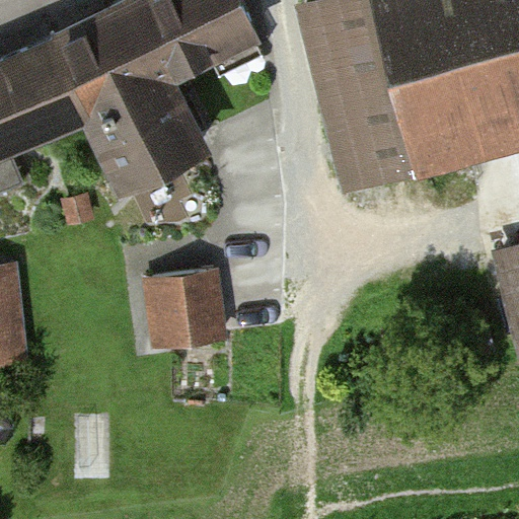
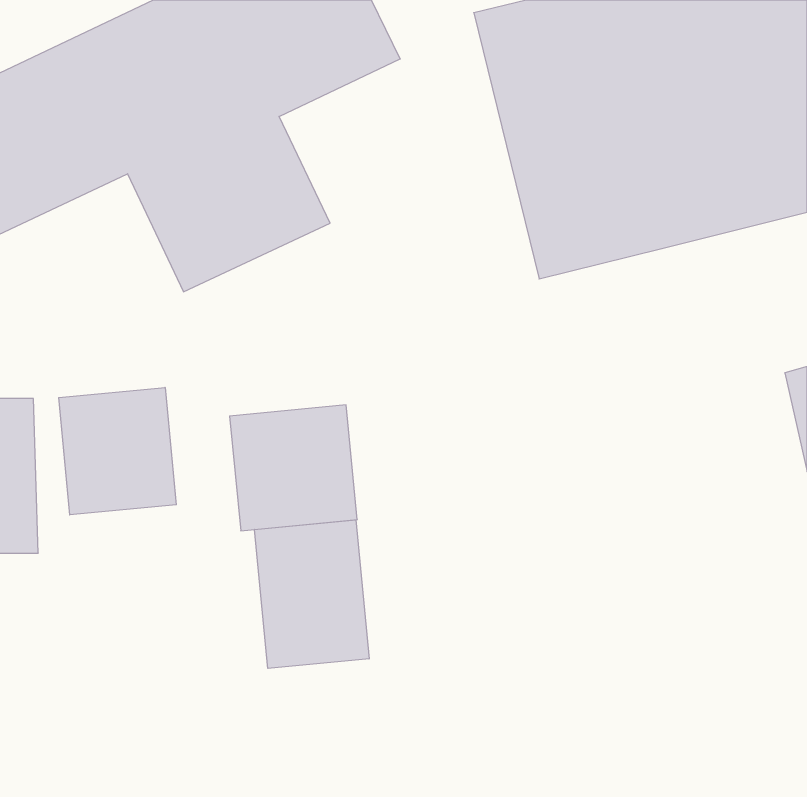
building: none -> [59,387,176,515]
building: none -> [255,520,369,668]

